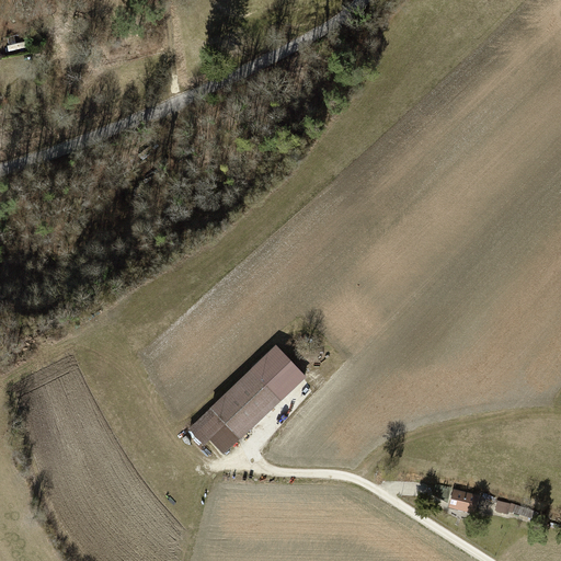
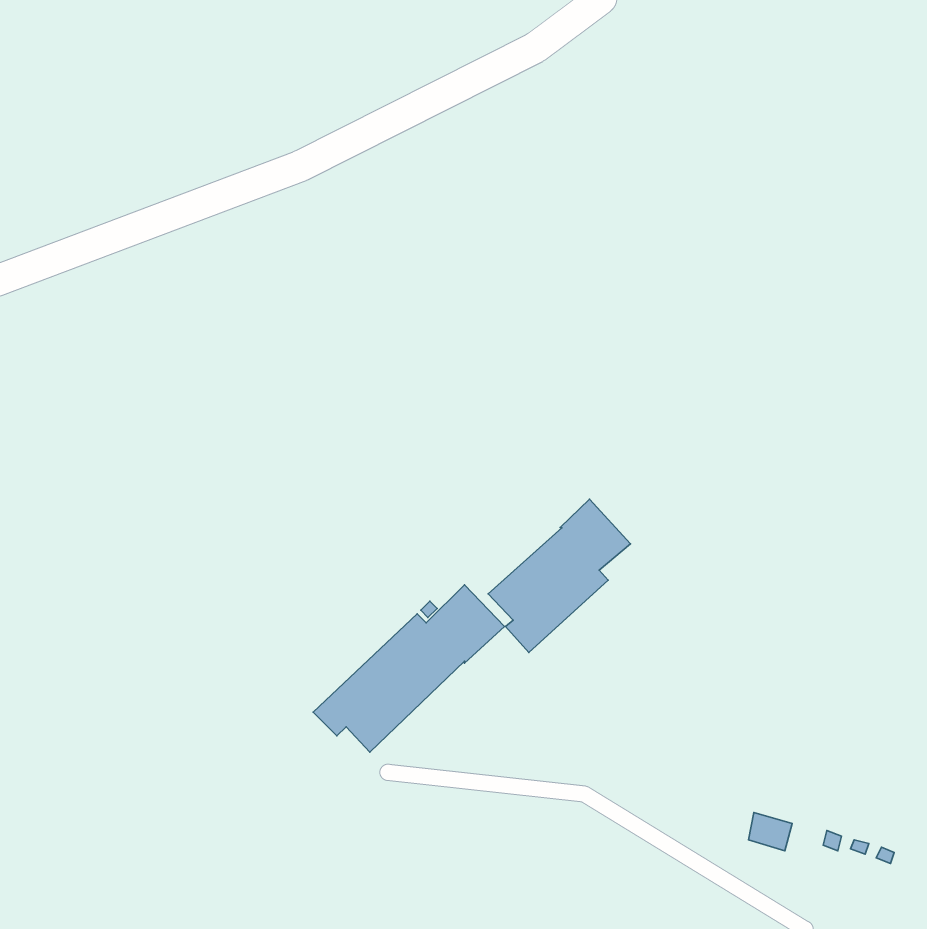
building: none -> [488,499,630,653]

